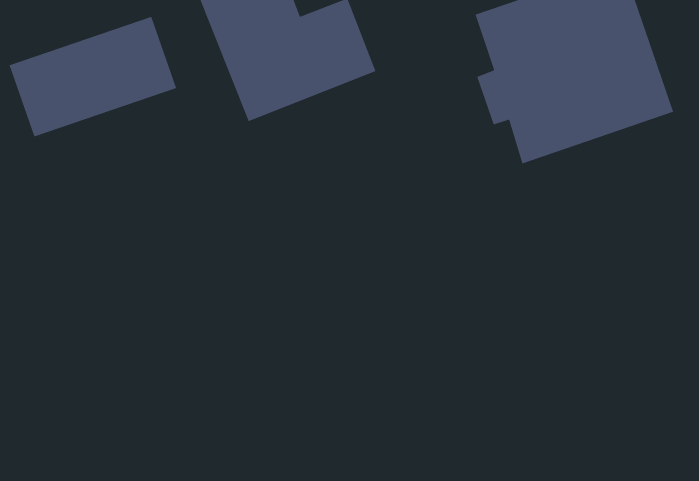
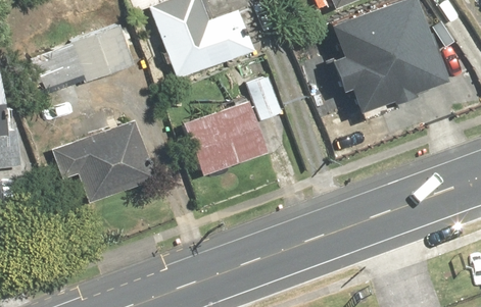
building: none -> [182,98,274,174]
building: none -> [49,118,162,205]

